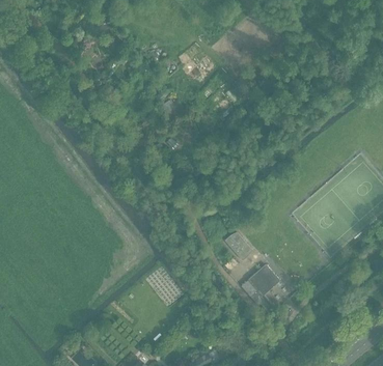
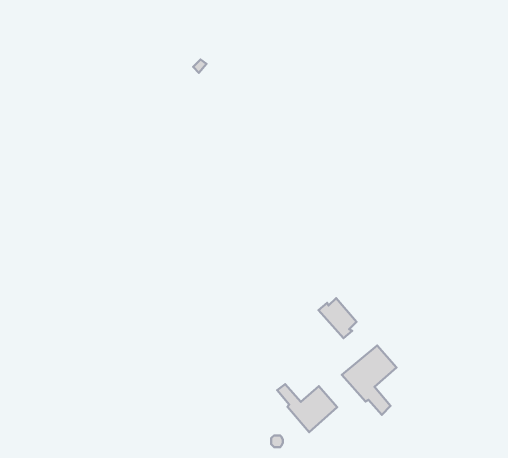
building: none -> [277,384,337,432]

